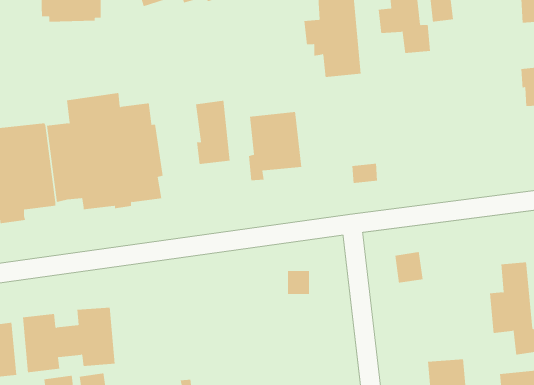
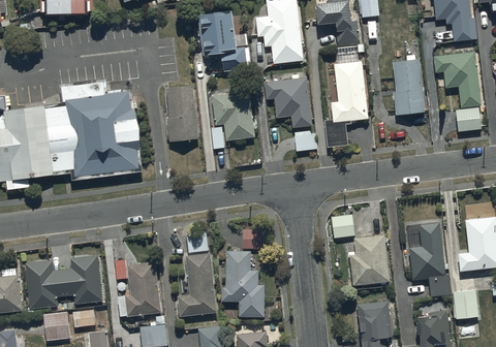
building: none -> [199,17,252,76]
building: none -> [324,52,369,153]
building: none -> [392,59,425,121]
building: none -> [266,75,312,131]
building: none -> [178,229,216,314]
building: none -> [349,232,390,283]
building: none -> [221,248,264,314]
building: none -> [115,257,160,315]

